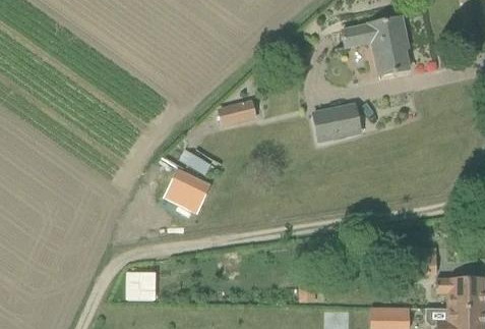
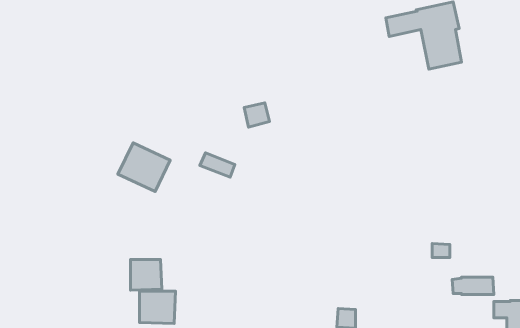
building: [313,101,362,144] -> none
building: [164,170,209,213] -> [118,143,170,192]
building: none -> [131,260,162,290]

